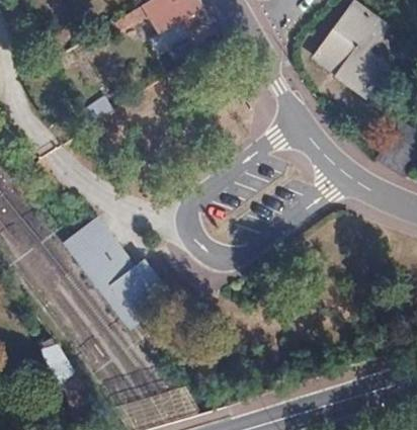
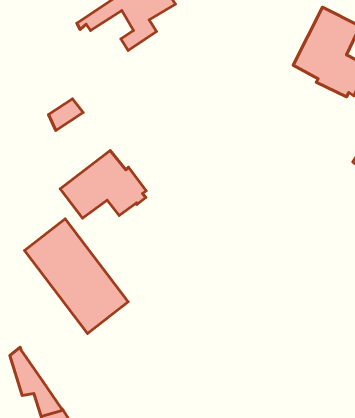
building: none -> [60,150,146,218]

